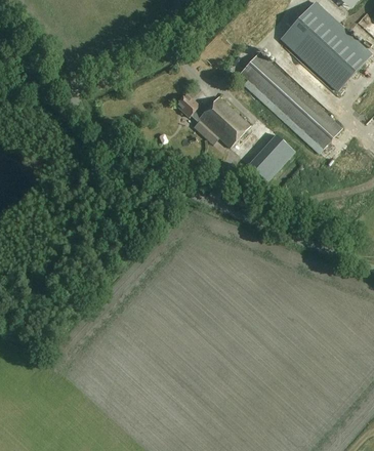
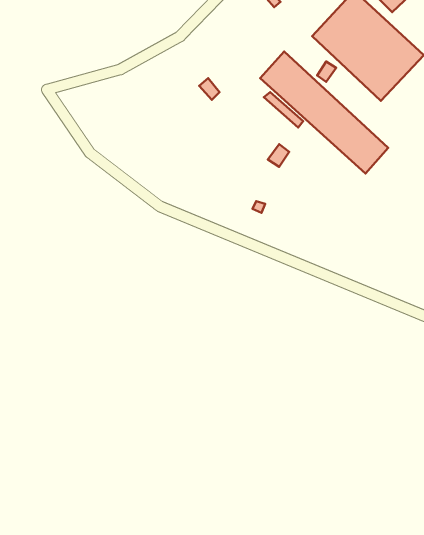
building: [175,92,249,146] -> none
building: [249,133,295,180] -> none

